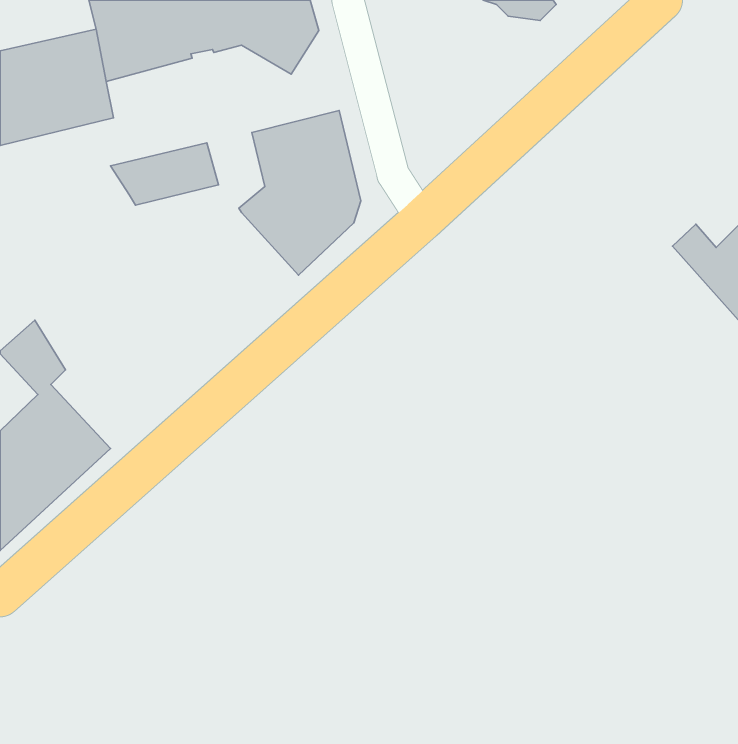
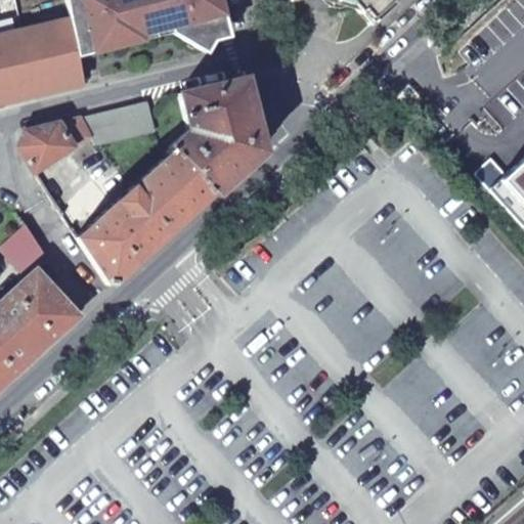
building: none -> [24,117,95,173]
building: none -> [79,149,214,286]

